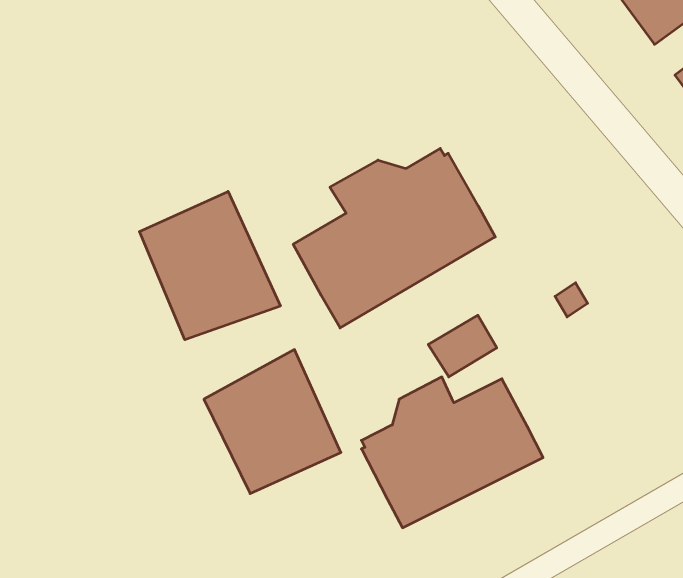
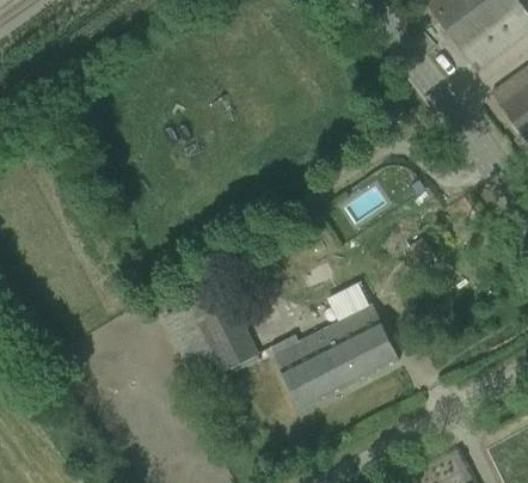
building: [293,148,495,328] -> none
building: [139,191,280,340] -> none

